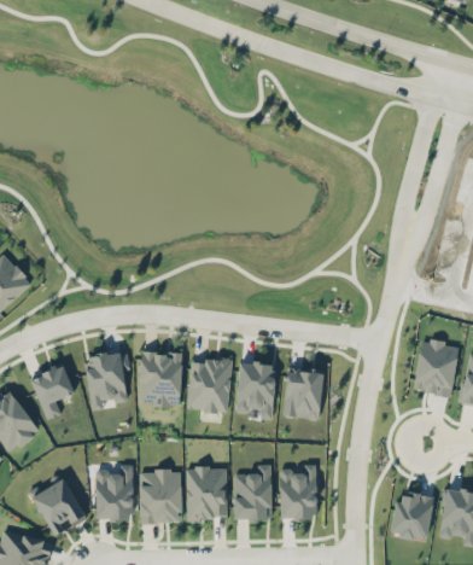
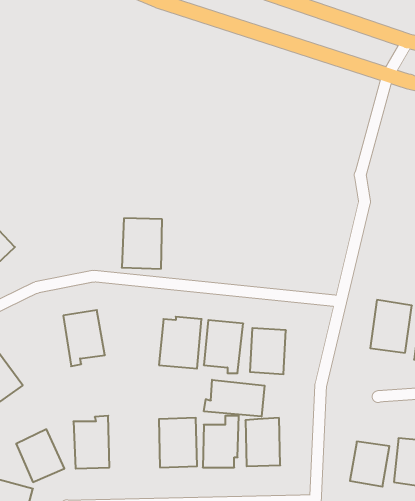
building: [139,351,182,406] -> [122,218,162,269]
building: [30,365,75,419] -> none
building: none -> [204,380,265,417]
building: [139,470,183,523] -> none

